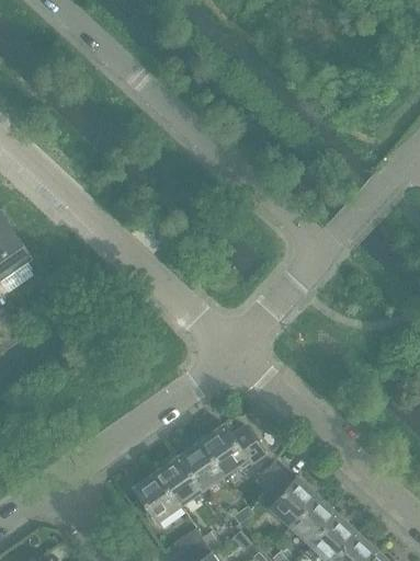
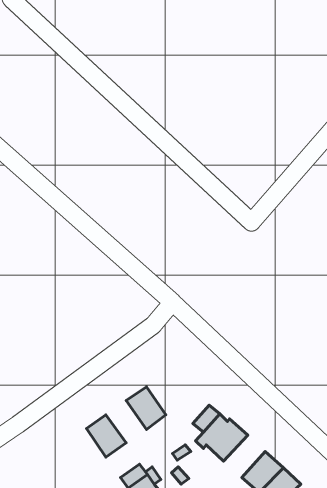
building: [204,424,266,473] -> none
building: [158,457,204,505] -> none
building: [292,496,339,545] -> none

